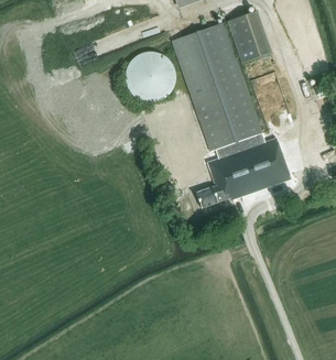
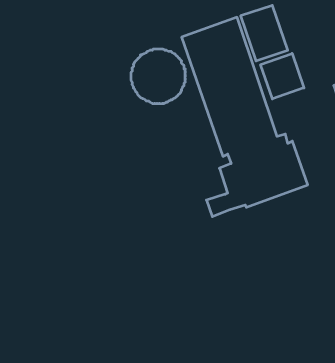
building: none -> [261,53,304,99]

